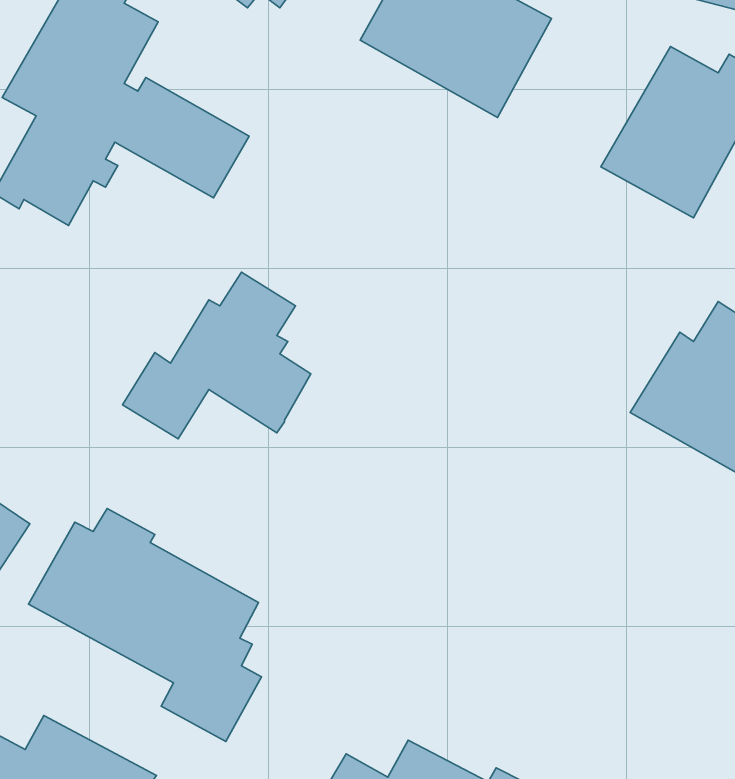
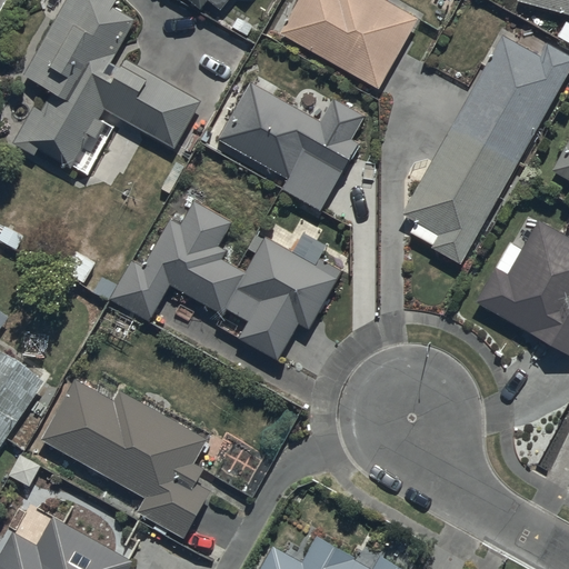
building: none -> [220,84,365,212]
building: none -> [402,124,520,264]
building: none -> [226,234,345,361]

